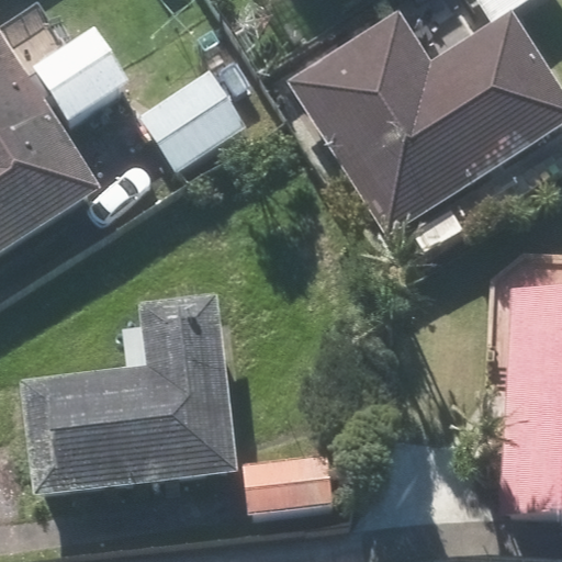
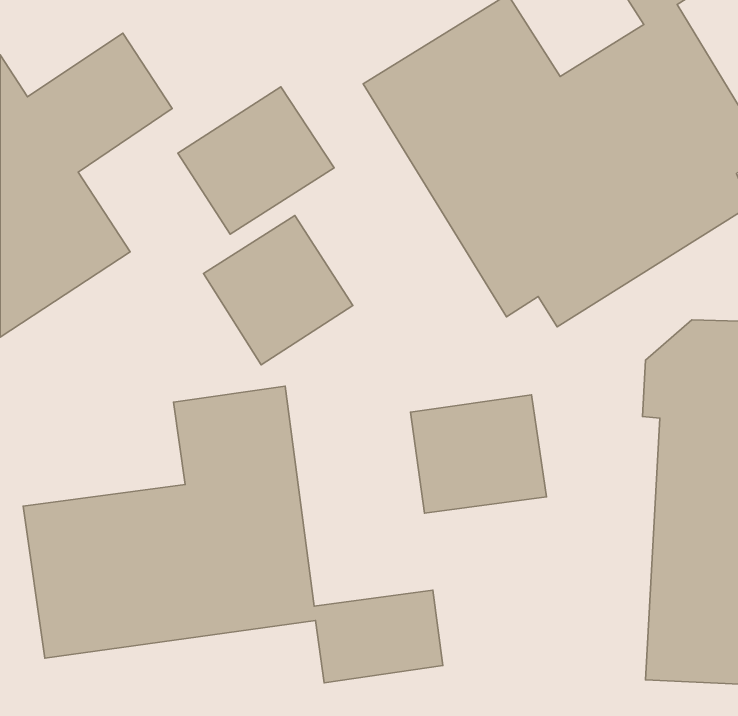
building: none -> [204,216,353,365]
building: none -> [410,395,547,513]

